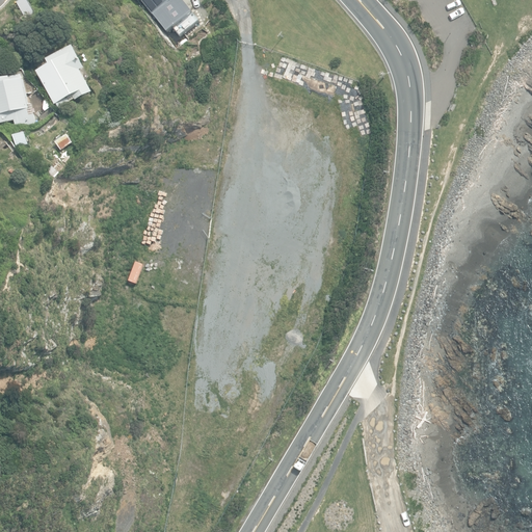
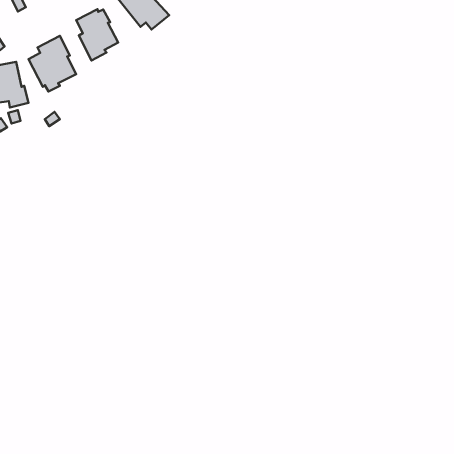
building: none -> [76,9,118,61]

